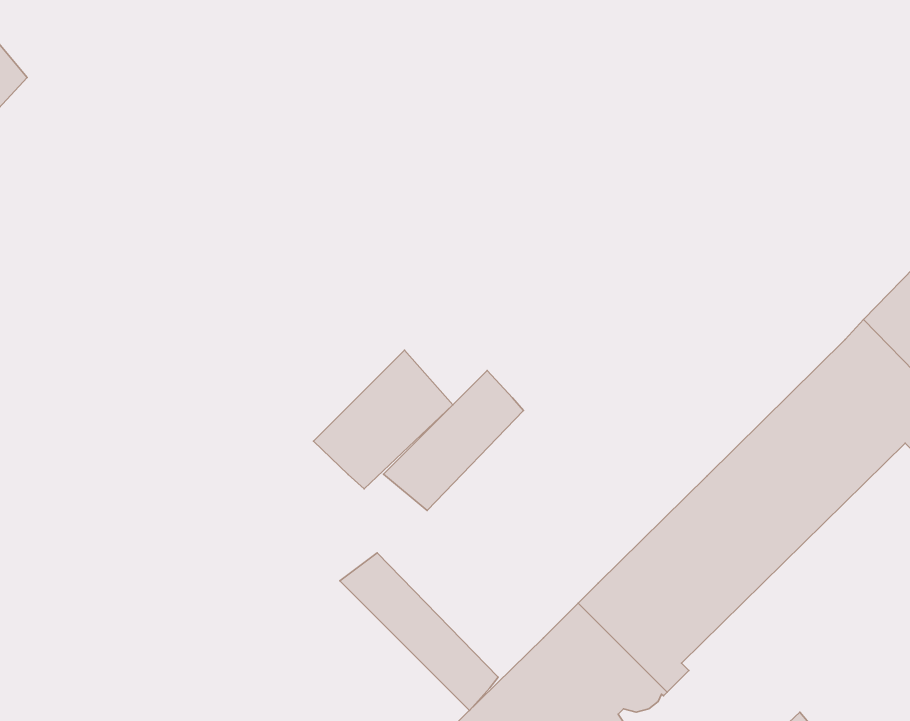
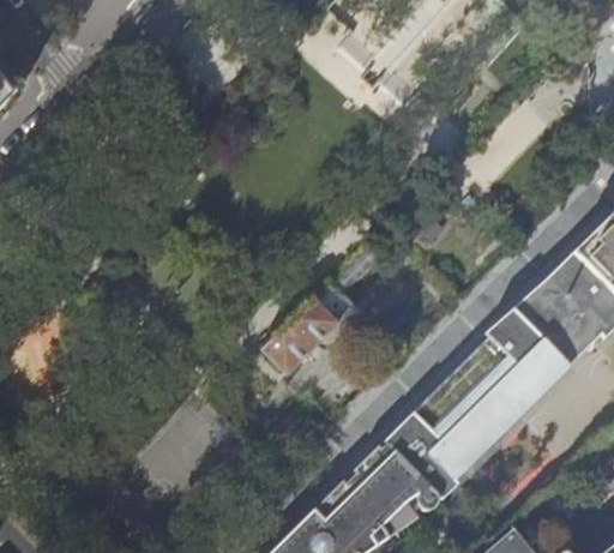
building: [313,350,453,489] -> none
building: [340,553,498,710] -> none

